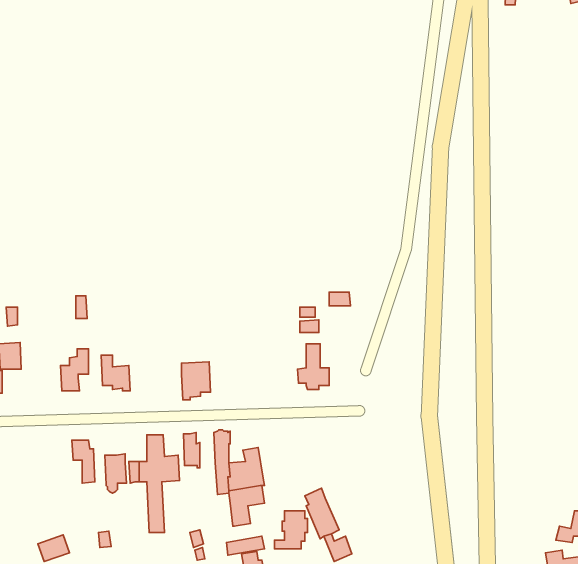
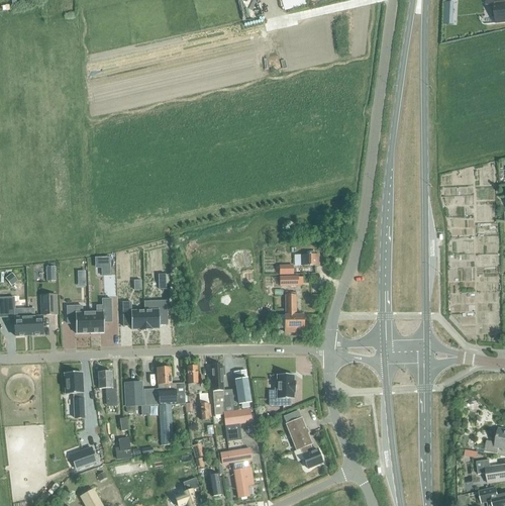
building: none -> [67,305,90,332]
building: [181,362,211,400] -> [143,301,167,331]
building: none -> [65,371,84,417]
building: [274,511,307,549] -> [269,374,295,404]

